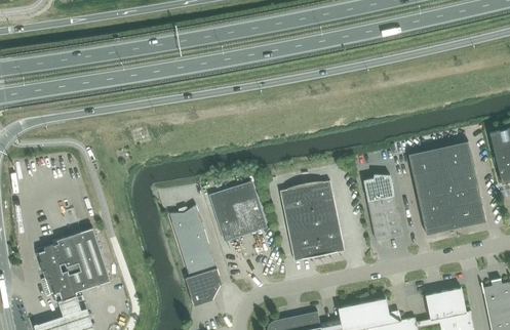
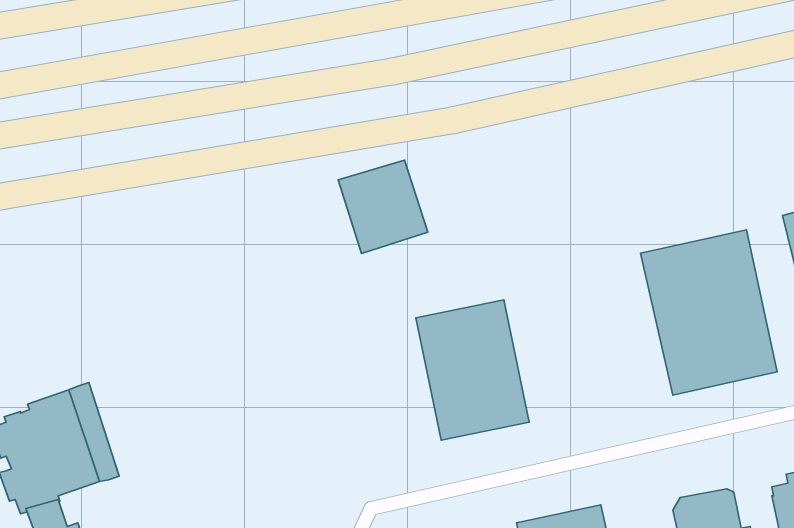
building: [363,174,402,241] -> none
building: [212,184,264,238] -> [338,160,428,254]
building: [169,204,223,305] -> none

